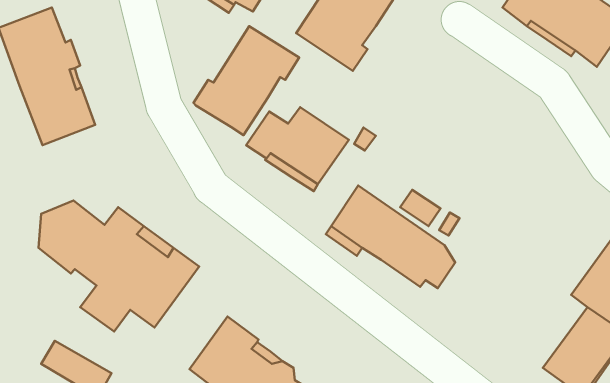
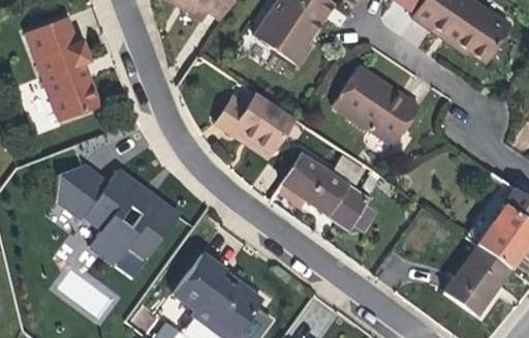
building: [193,26,299,135] -> none
building: none -> [332,65,421,146]

